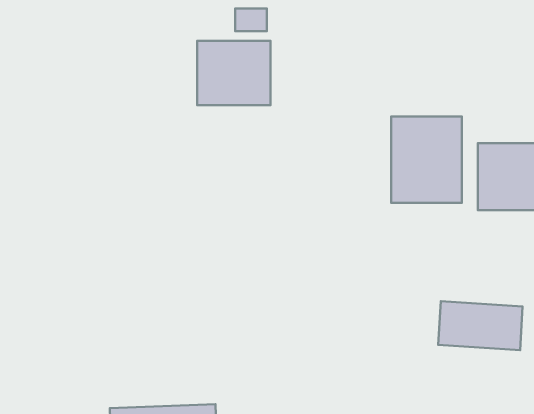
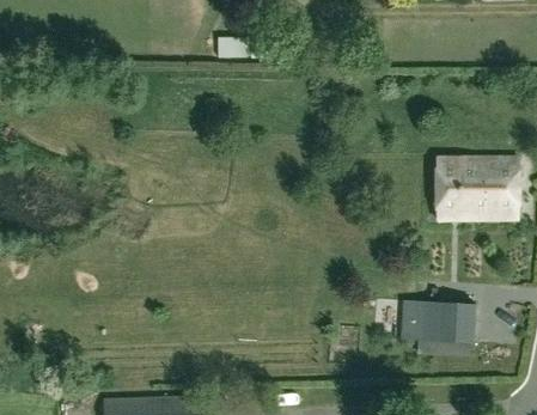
building: [197,41,271,105] -> none
building: [391,117,462,203] -> none

